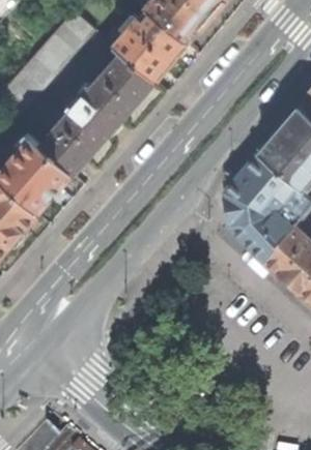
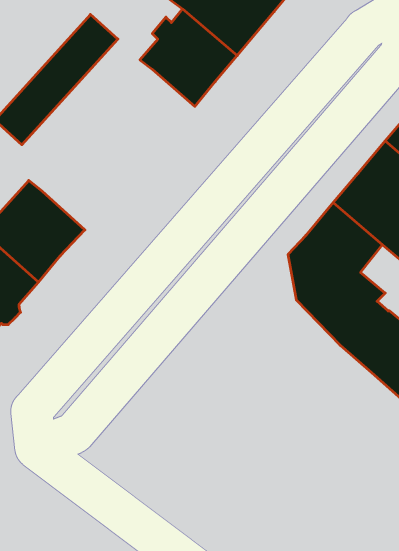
building: [38,53,153,174] -> none

